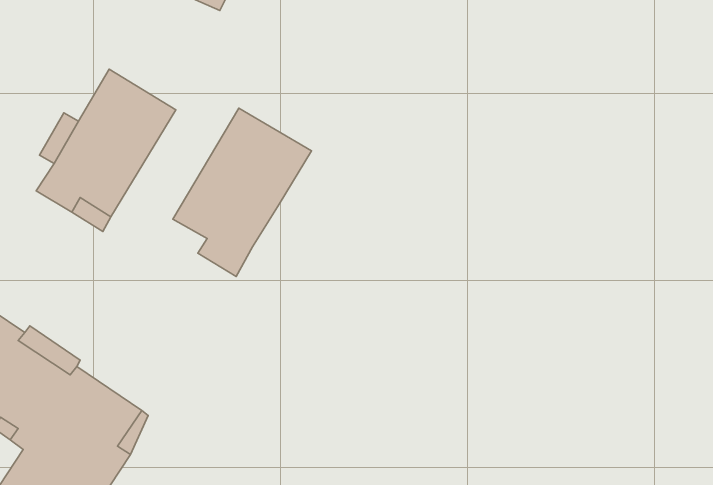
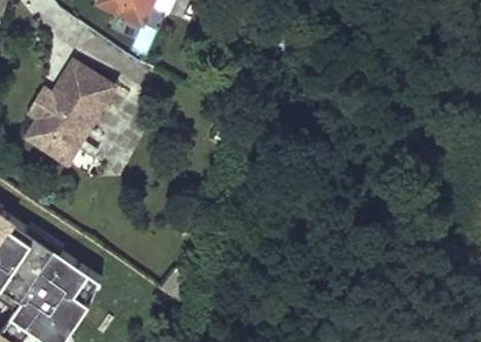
building: [173,108,311,276] -> none

